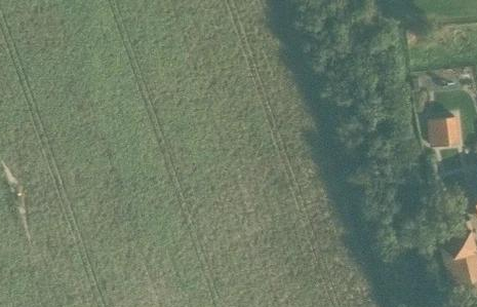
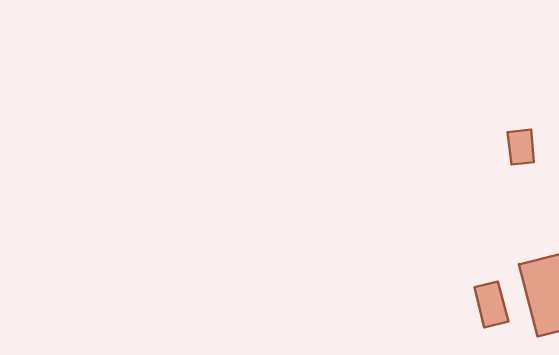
building: none -> [475,282,508,328]

